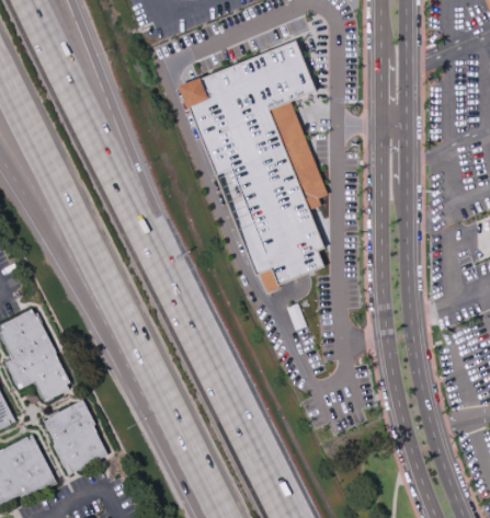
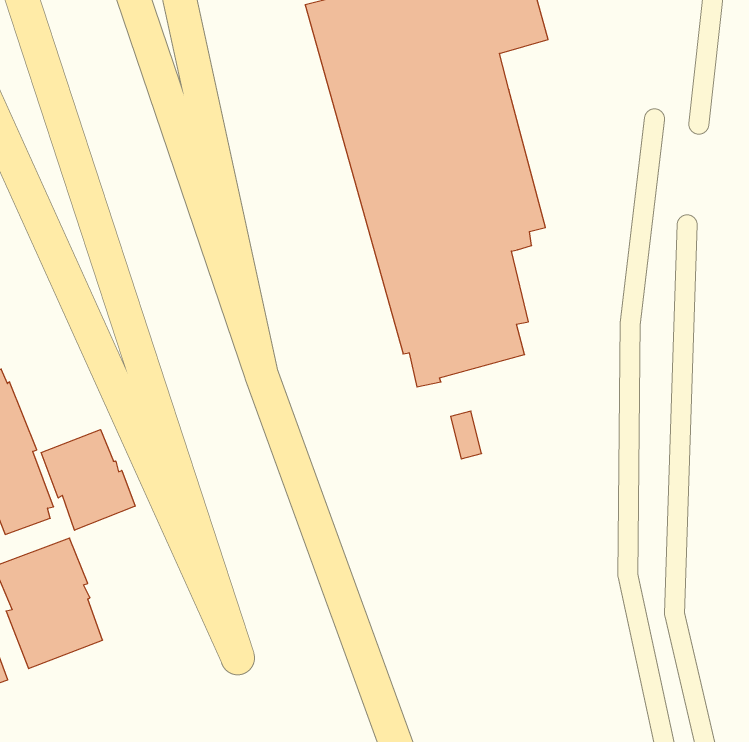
building: none -> [41,430,135,530]

